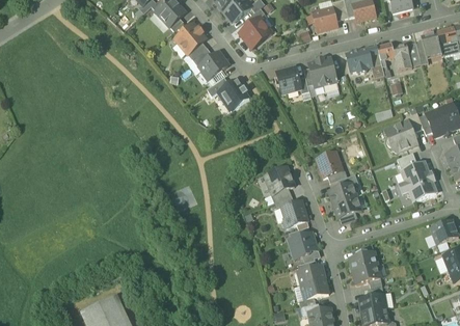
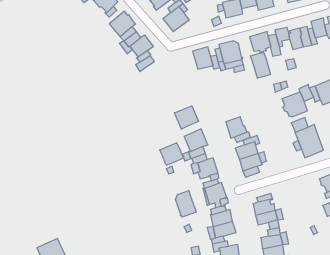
building: none -> [251,52,270,78]
building: [220,79,249,109] -> none
building: none -> [174,106,199,129]
building: none -> [160,143,184,165]
building: none -> [176,190,196,217]

